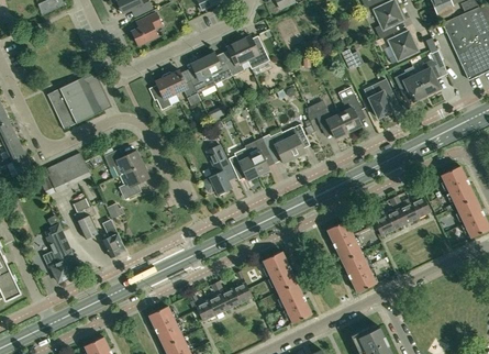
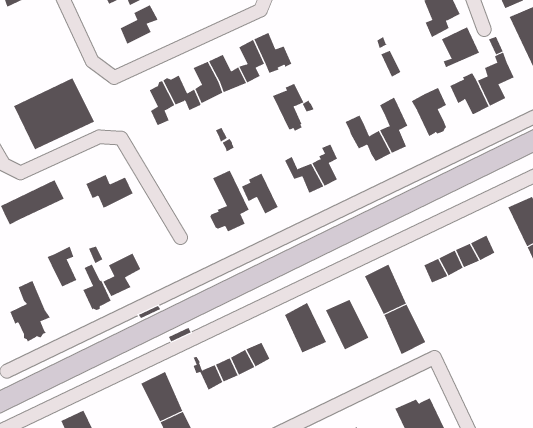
building: [245,137,270,176] -> [272,83,304,132]
building: [119,164,149,199] -> [103,253,141,297]
building: [277,283,312,323] -> [325,299,369,350]

